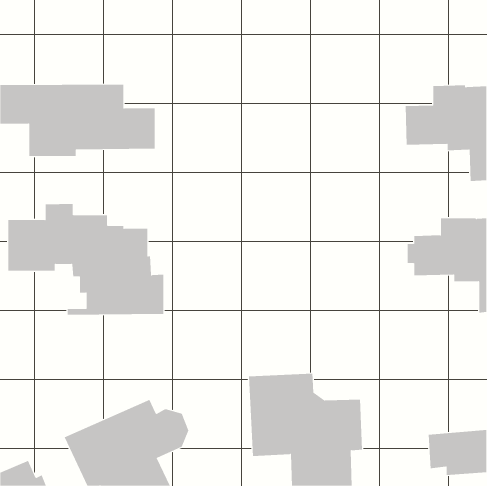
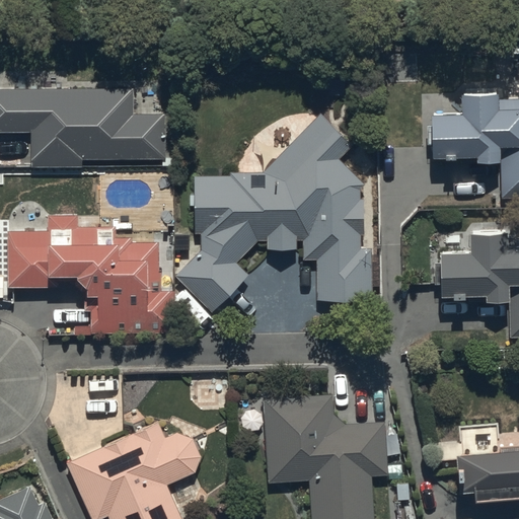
building: none -> [176,116,379,314]

